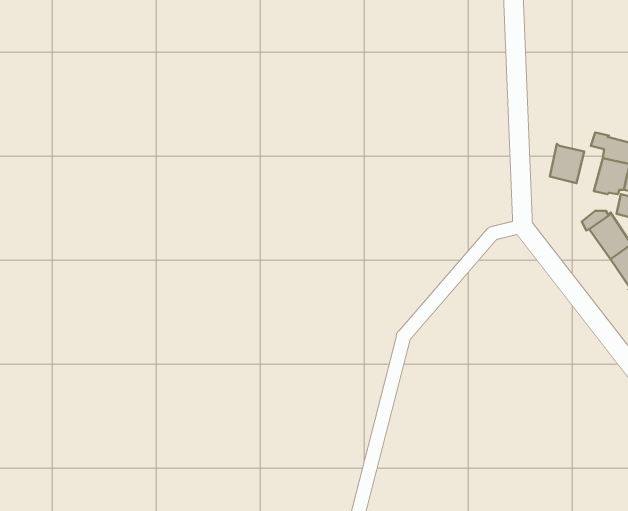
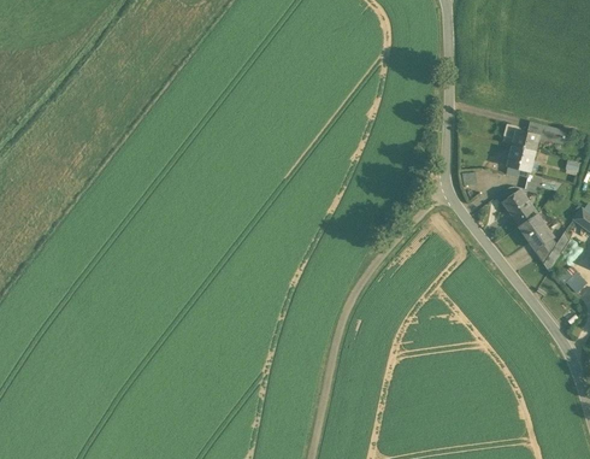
building: [550,144,584,183] -> none

